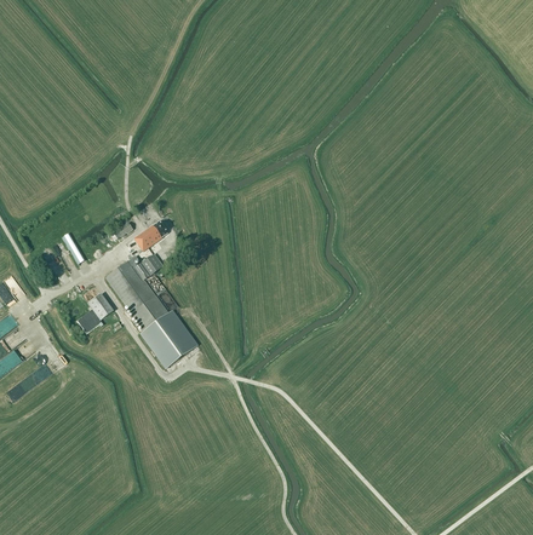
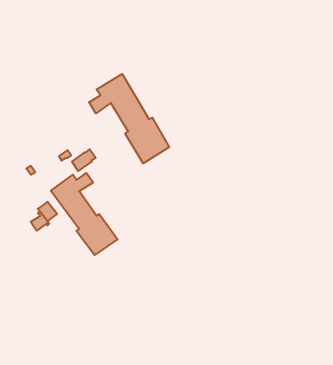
building: none -> [89,74,169,163]

